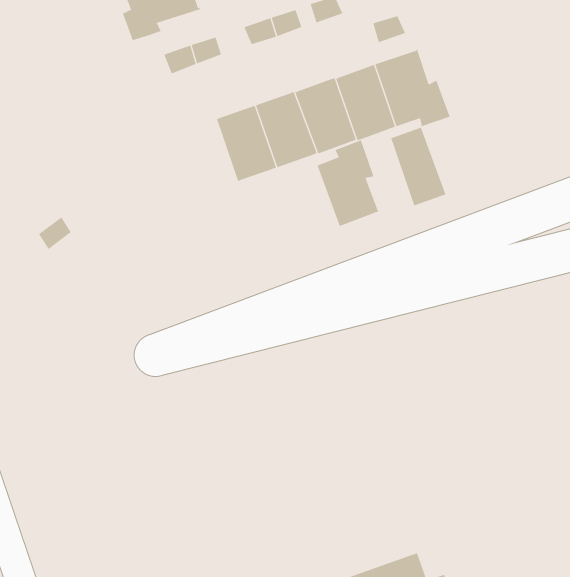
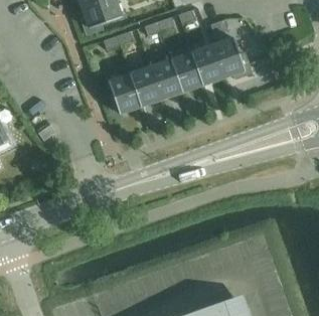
building: none -> [108,73,141,113]
building: [391,127,446,207] -> none
building: [317,140,379,227] -> none

